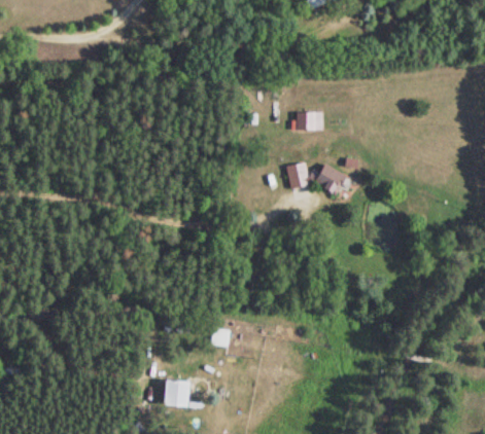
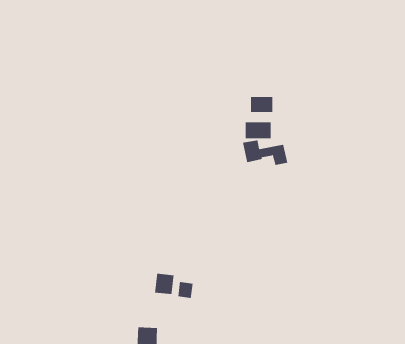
building: none -> [245,122,271,139]
building: none -> [154,273,174,295]

